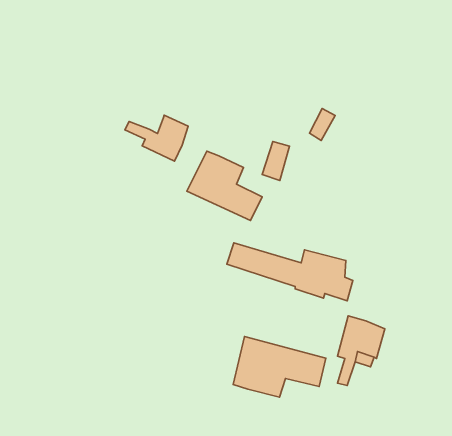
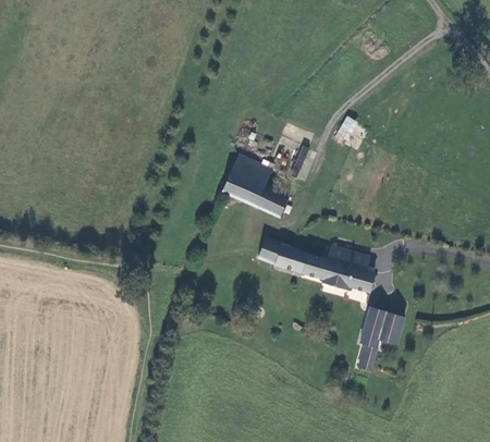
building: [125,115,188,161] -> none
building: [233,336,326,397] -> none

